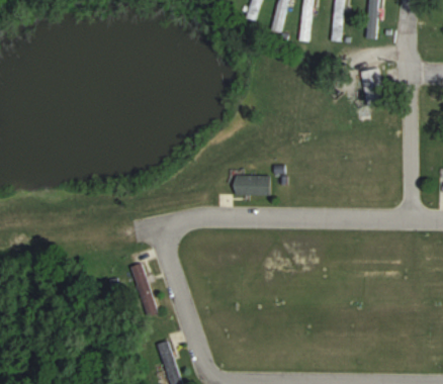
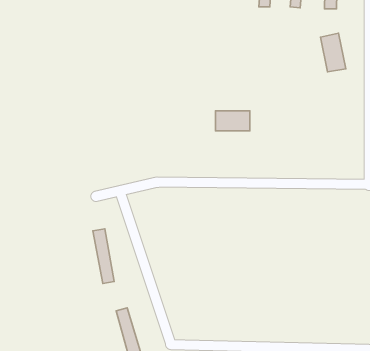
building: [236,175,270,195] -> [216,111,250,131]

